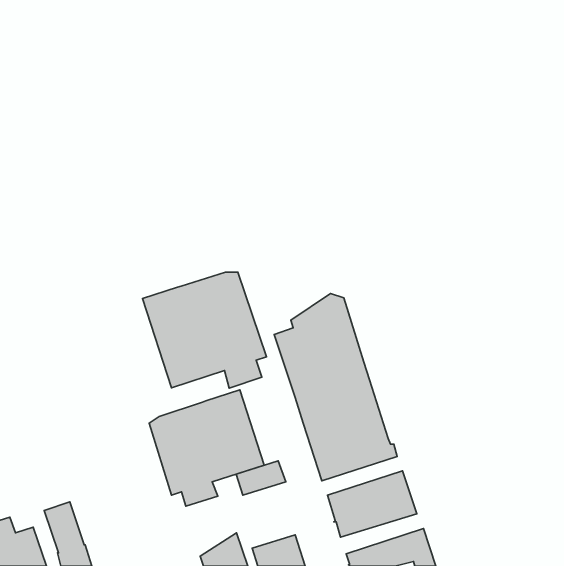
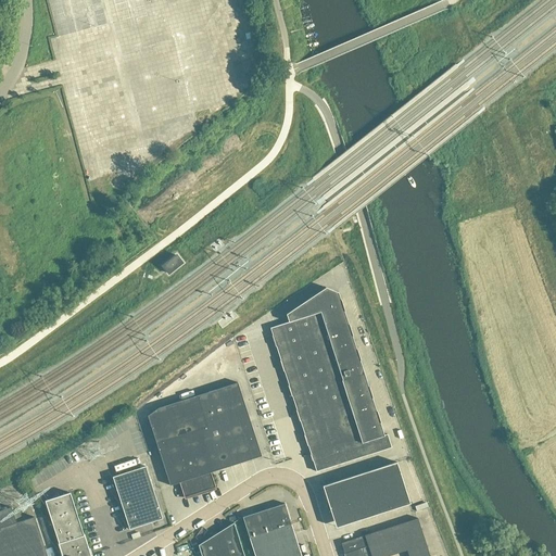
building: [143,272,266,388] -> none
building: [236,461,286,495] -> [241,504,290,538]
building: none -> [112,466,162,529]

